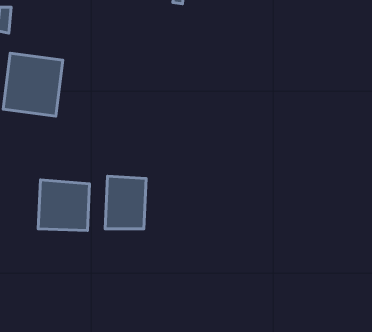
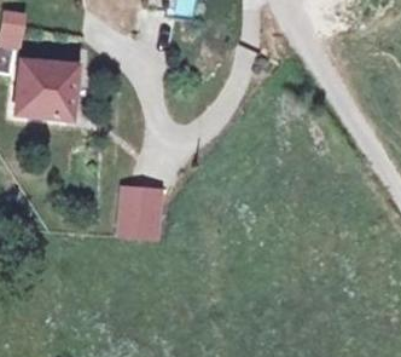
building: [38,180,90,230] -> none

